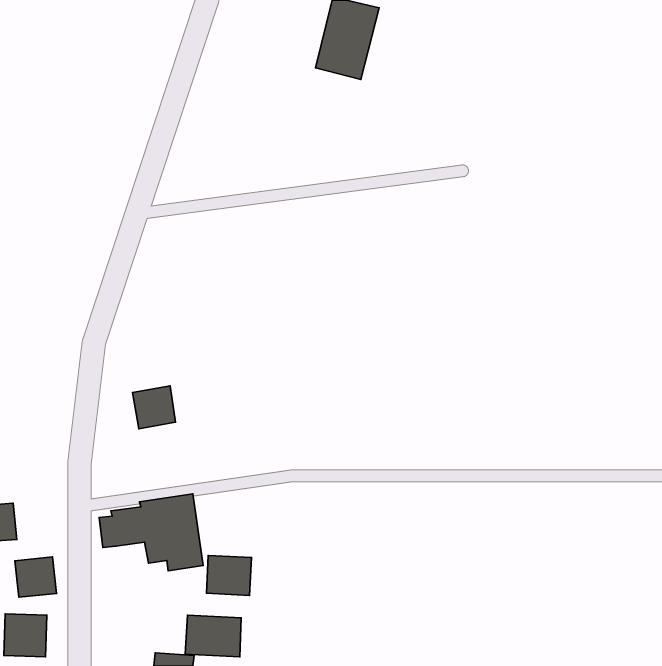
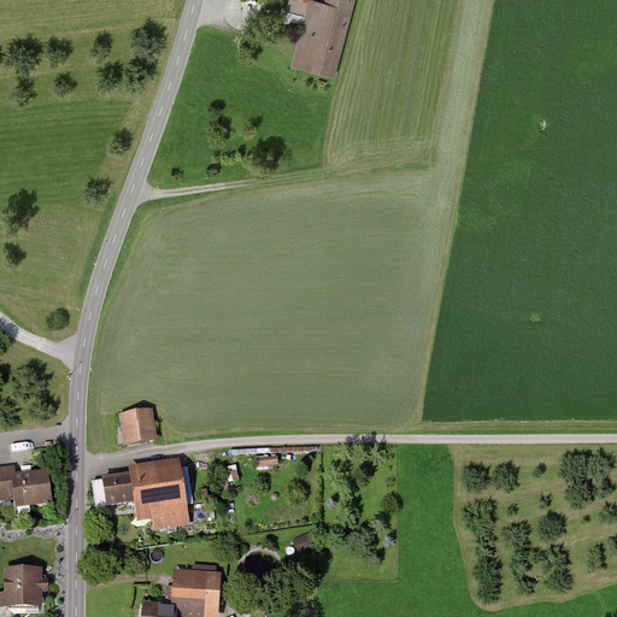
building: [132,386,175,429] -> [117,409,157,448]
building: [206,555,251,595] -> none
building: [15,557,56,597] -> [14,470,53,507]

